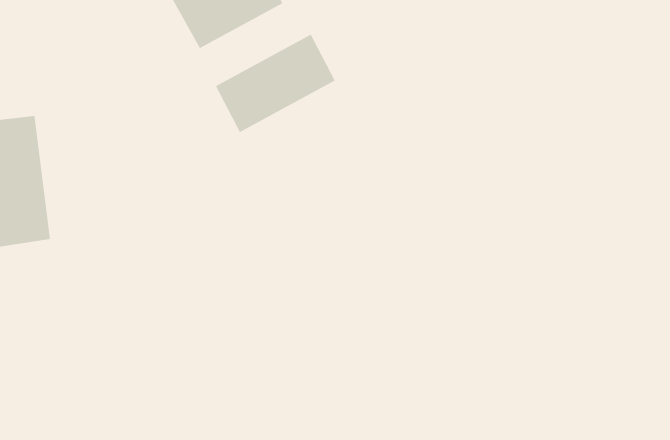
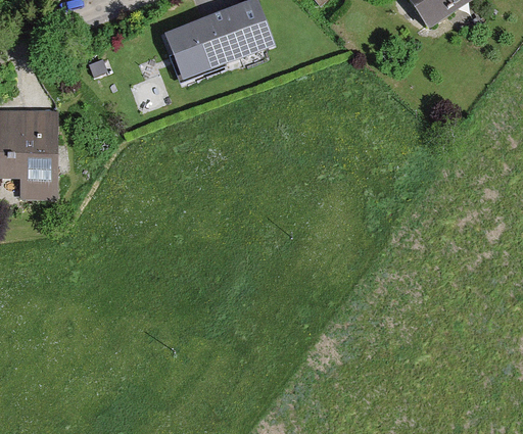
building: [215,33,336,133] -> none

